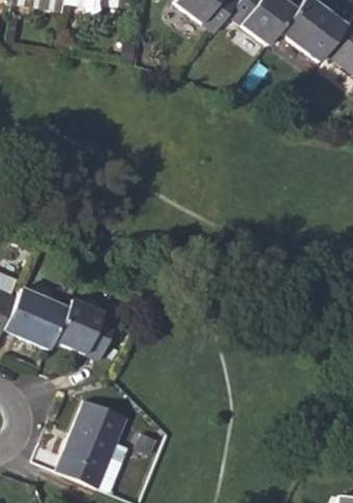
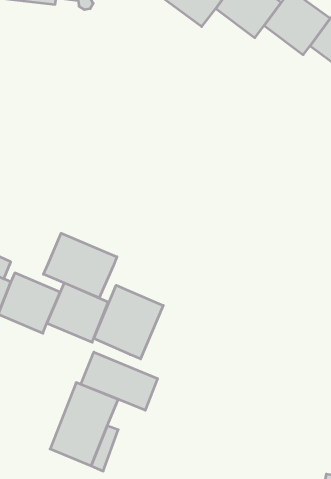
building: none -> [43,233,117,298]
building: none -> [94,285,163,359]
building: none -> [81,352,158,410]

